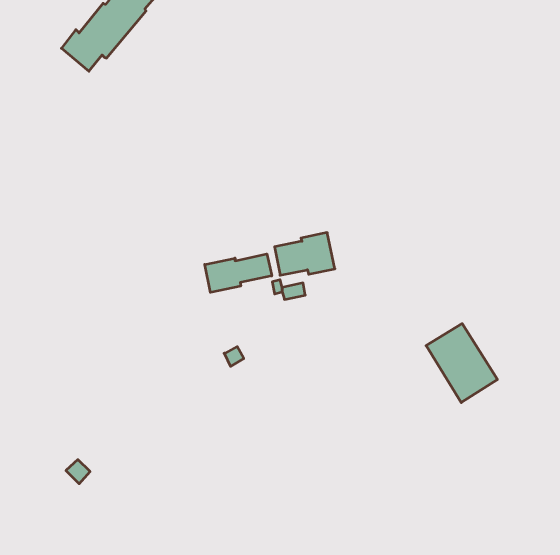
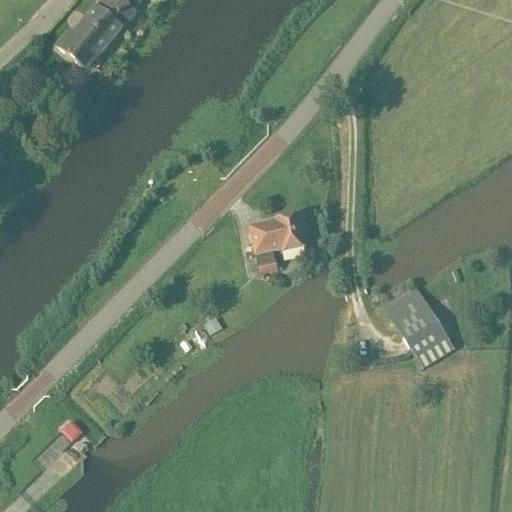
building: [205,254,272,292] -> none

